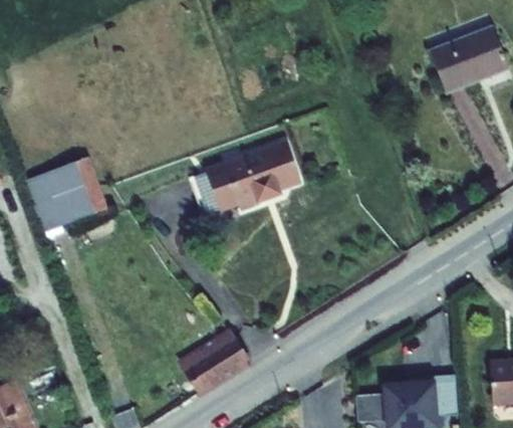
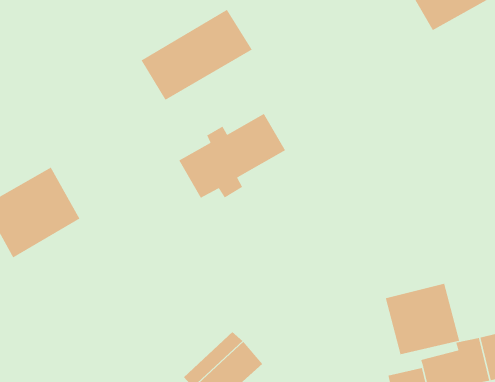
building: none -> [141,9,253,101]
building: none -> [385,283,460,355]

